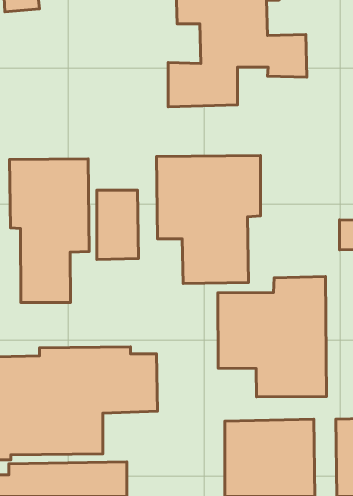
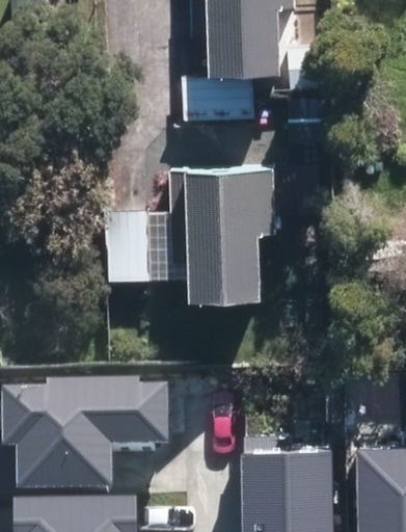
building: [10,159,89,303] -> none
building: [218,277,327,397] -> none

